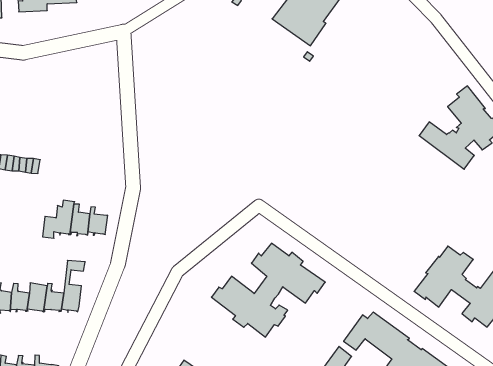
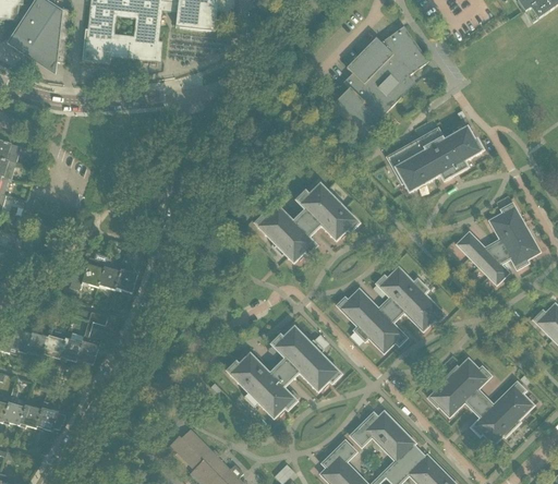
building: none -> [386,126,482,192]
building: none -> [253,184,357,263]
building: none -> [336,267,444,352]

